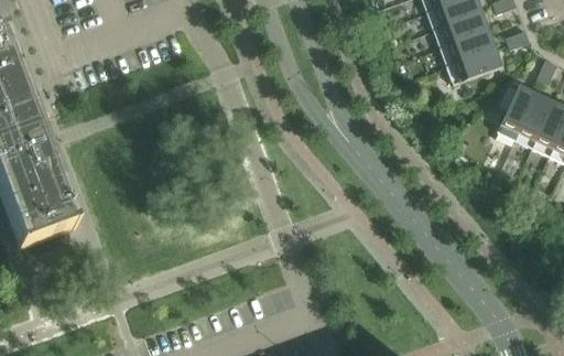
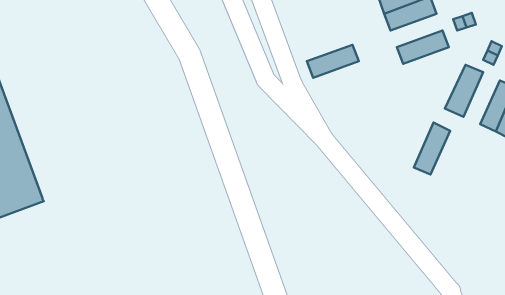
building: [440,29,495,64] -> [307,45,359,78]
building: [517,90,555,145] -> [414,123,450,175]

